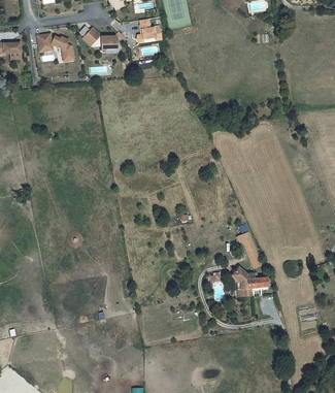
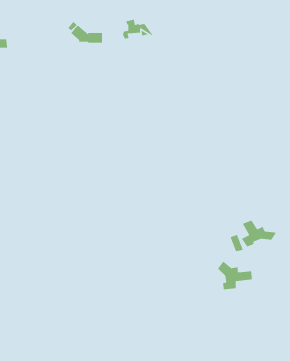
building: [37,33,73,61] -> none
building: none -> [241,219,277,248]

